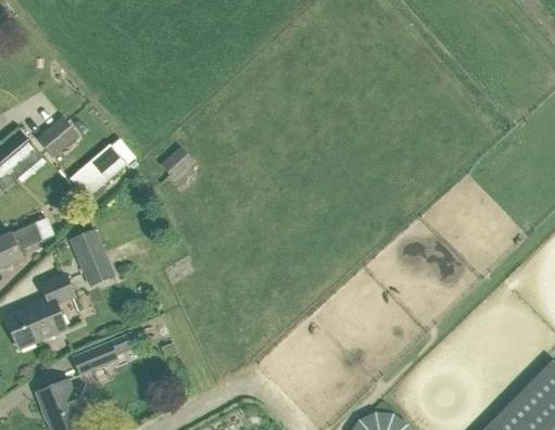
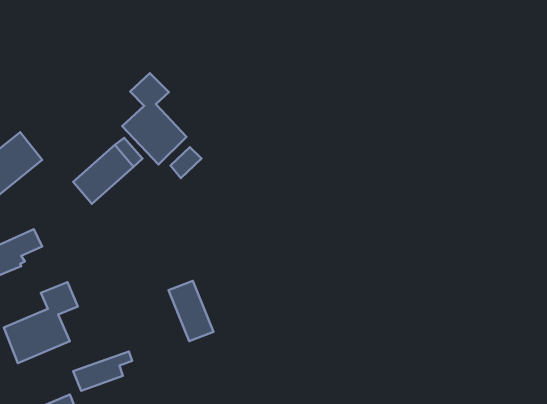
building: none -> [122,73,186,164]
building: [36,115,79,157] -> none
building: [71,229,113,286] -> [168,281,214,341]

